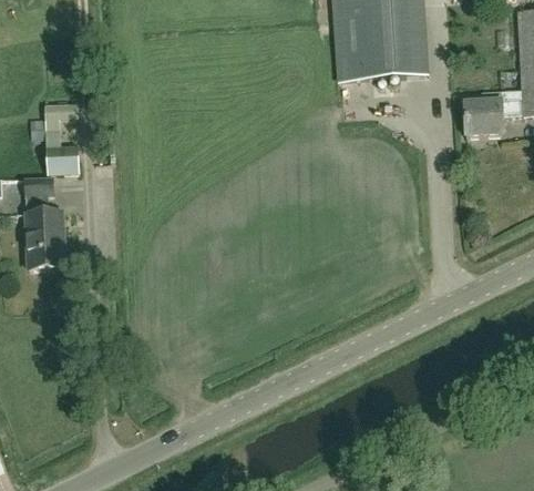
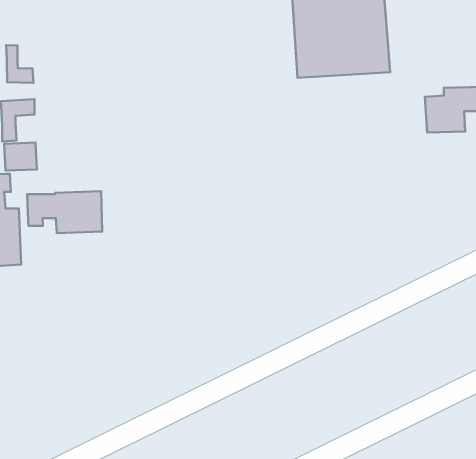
building: none -> [6,45,33,83]
building: none -> [27,191,102,233]

